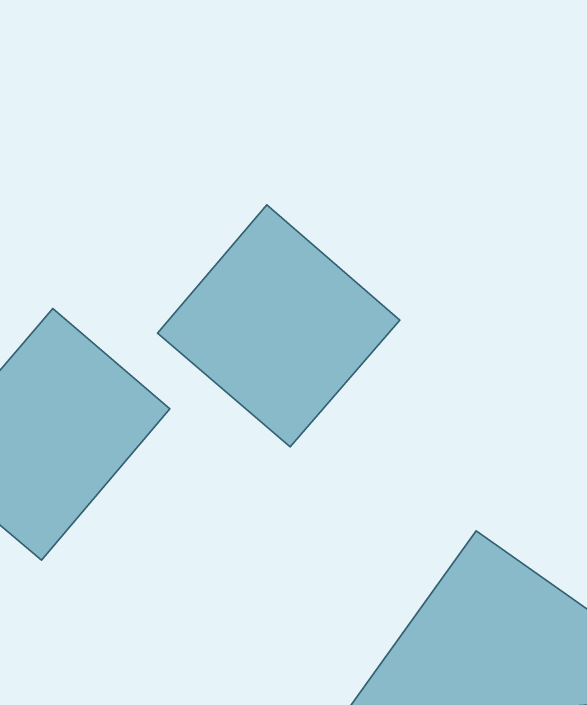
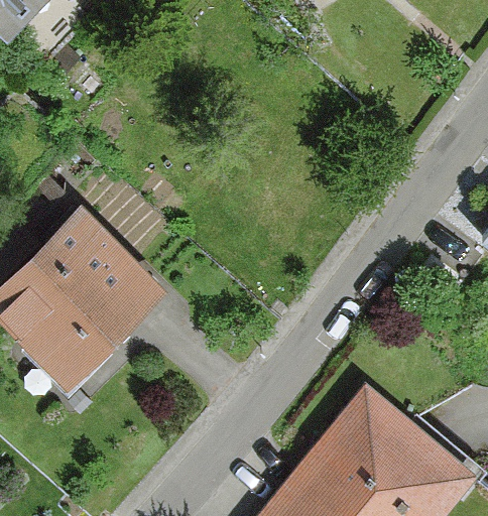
building: [157,205,400,447] -> none

